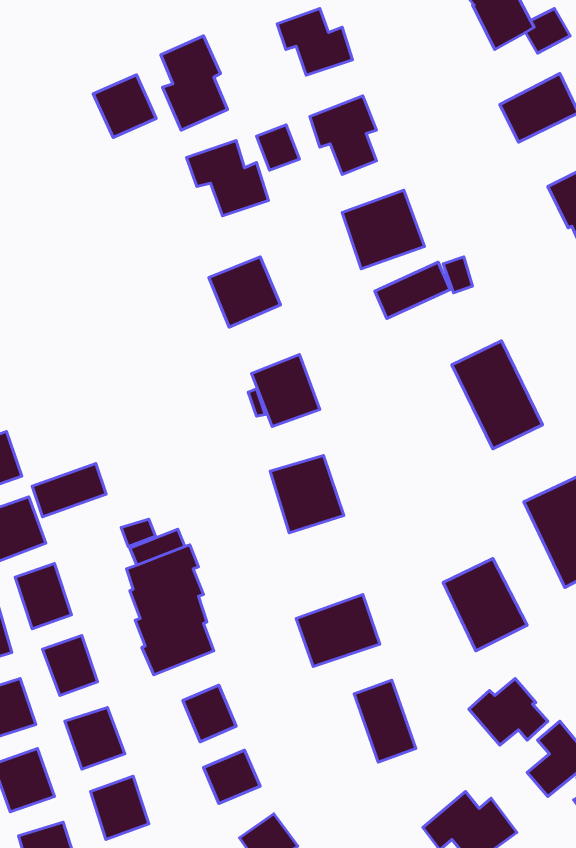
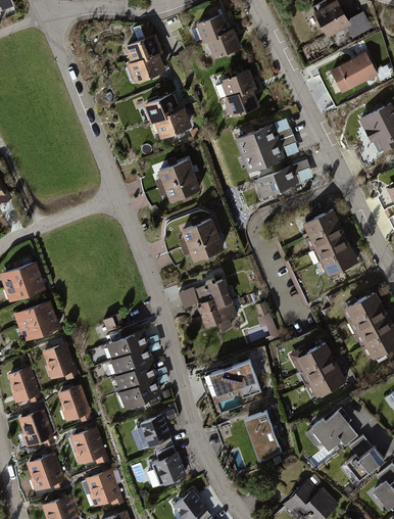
building: [93,75,156,138] -> none
building: [256,125,299,170] -> none
building: [32,463,106,517] -> none

